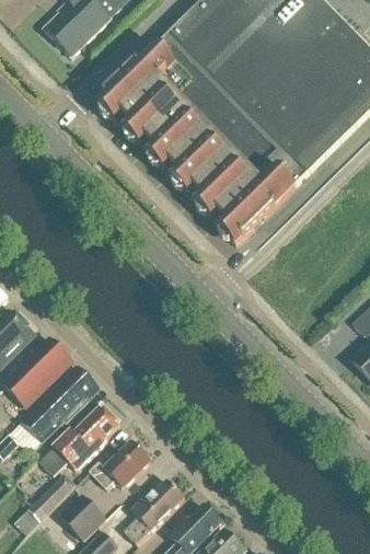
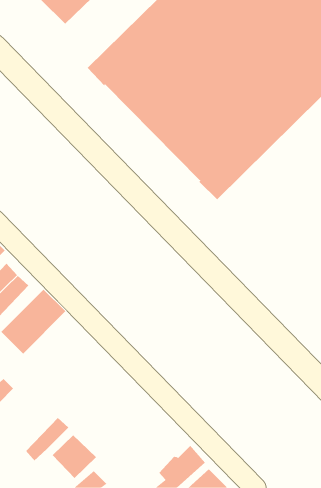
building: [18,368,94,442] -> none
building: [41,404,120,475] -> none
building: [91,441,151,487] -> none
building: [125,480,185,543] -> none

